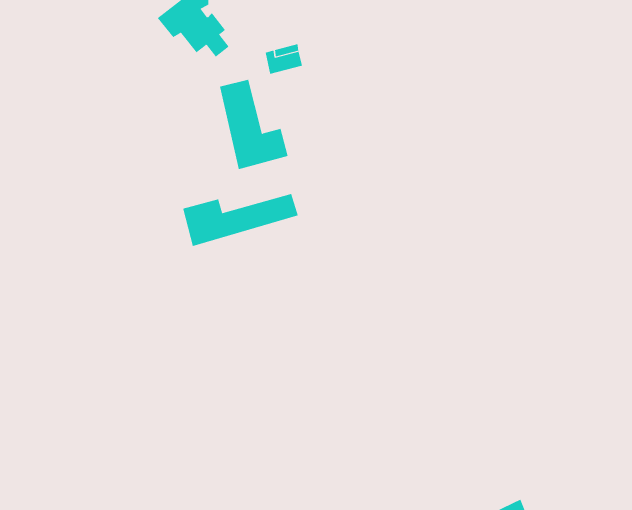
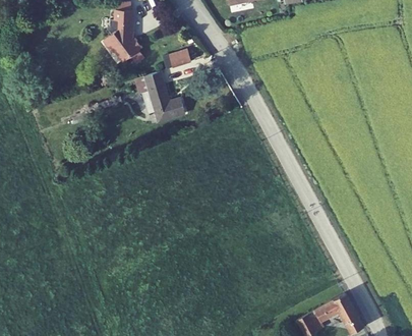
building: [183,193,298,247] -> none

